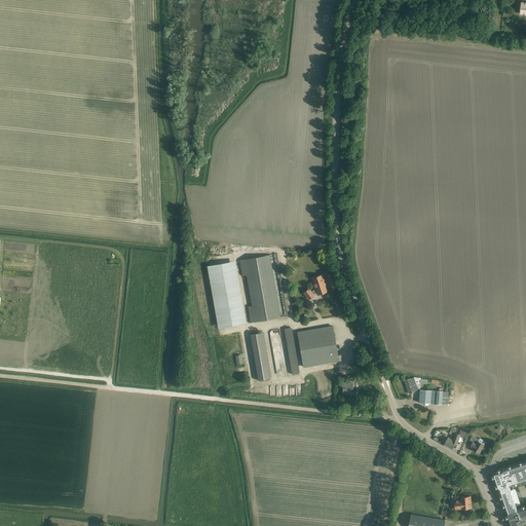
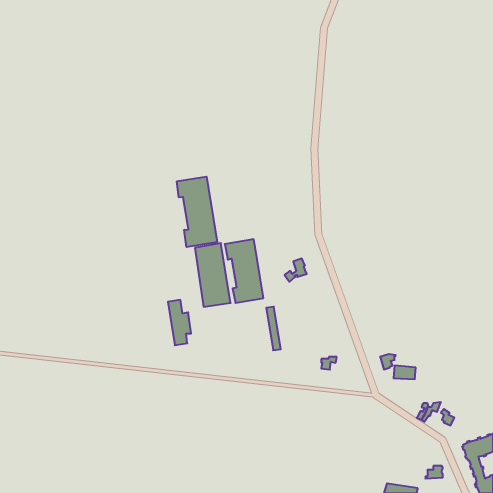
building: none -> [177,177,217,247]
building: [297,326,339,367] -> none
building: [250,331,274,379] -> [168,300,191,345]

